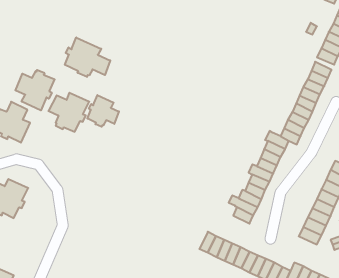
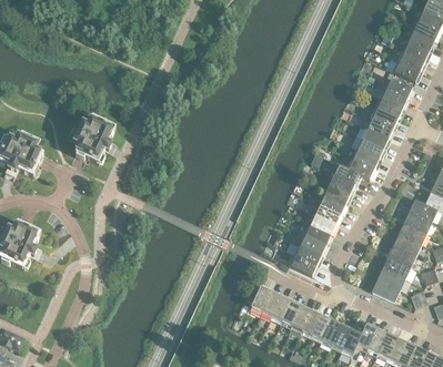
building: [65,37,110,77] -> none
building: [15,70,55,110] -> none
building: [87,95,119,127] -> none

